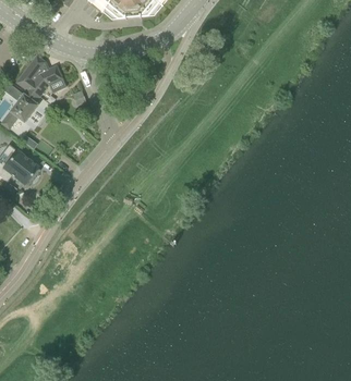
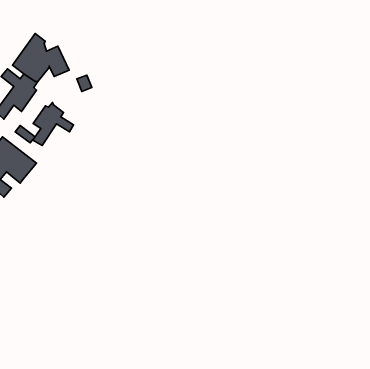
building: none -> [33,103,73,146]

